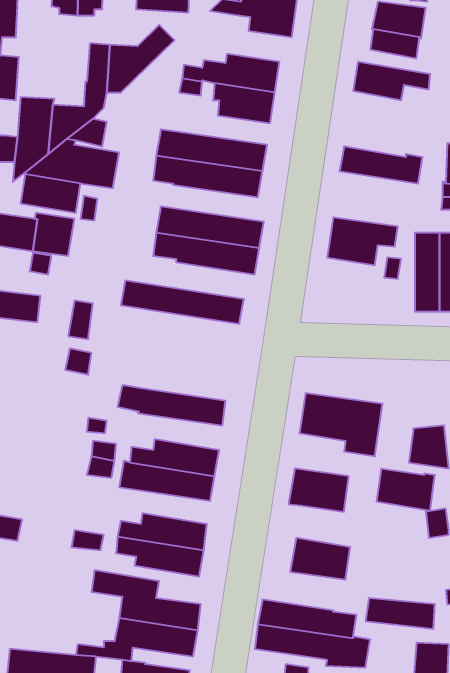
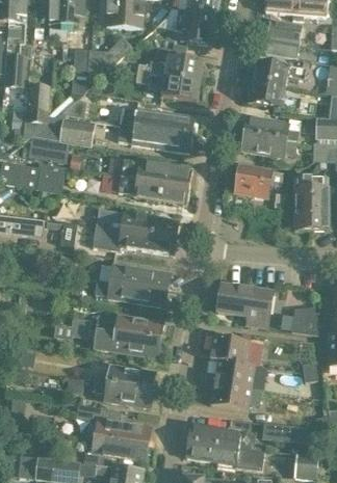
building: none -> [249,80,301,109]
building: none -> [241,134,296,157]
building: none -> [93,224,176,253]
building: none -> [99,262,170,289]
building: [376,469,435,511] -> [214,359,254,387]

